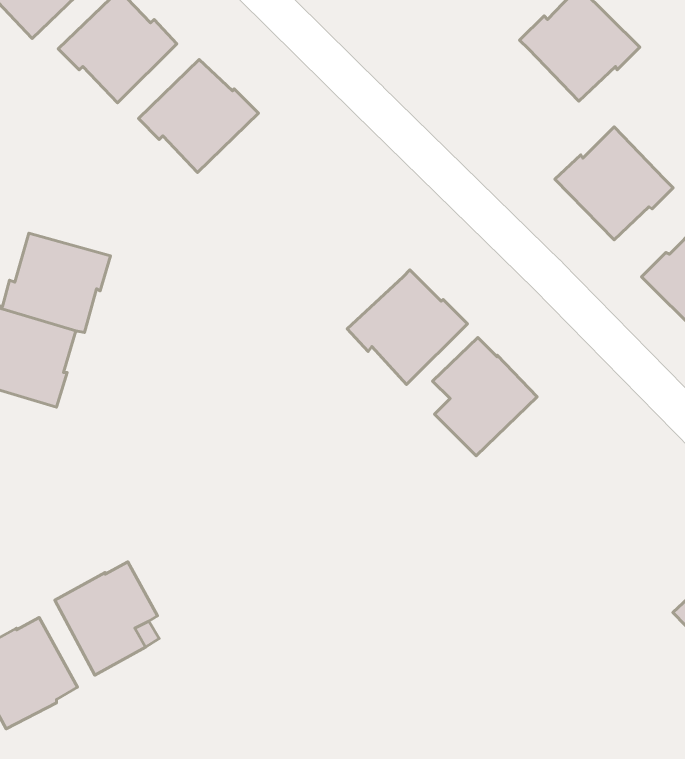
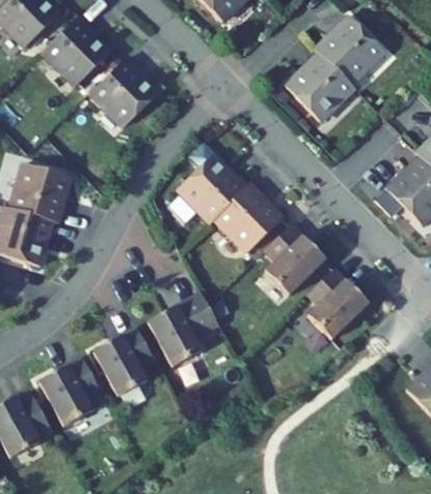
building: [555,127,673,240] -> [284,54,355,121]
building: none -> [178,143,245,224]
building: none -> [306,270,368,340]
building: none -> [147,295,218,367]
building: none -> [93,329,154,396]

